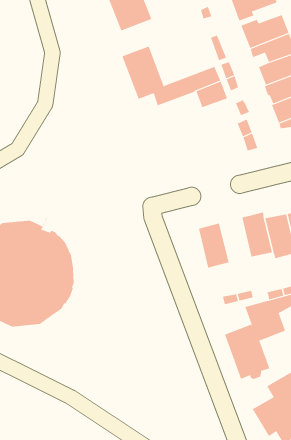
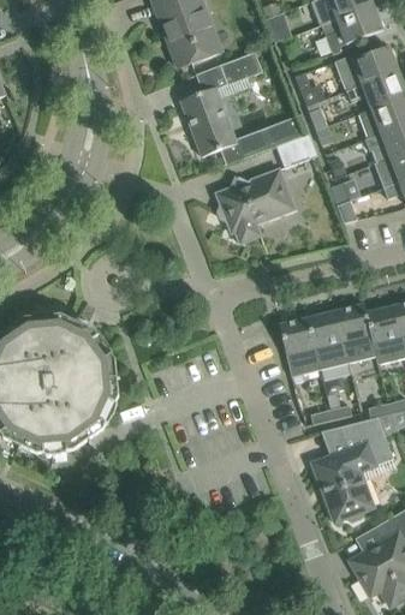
building: none -> [219,50,262,84]
building: none -> [215,168,294,243]
building: none -> [306,310,347,369]

